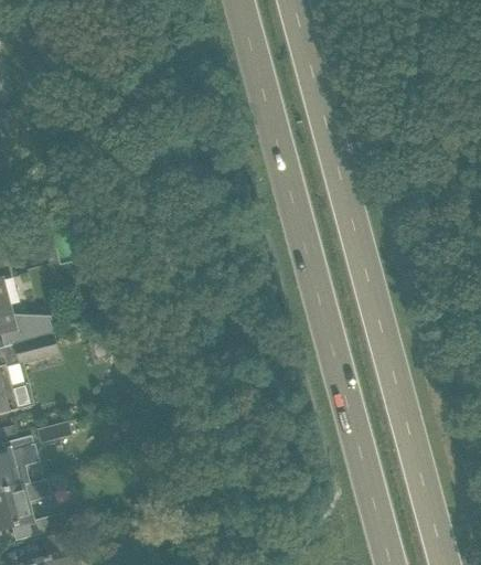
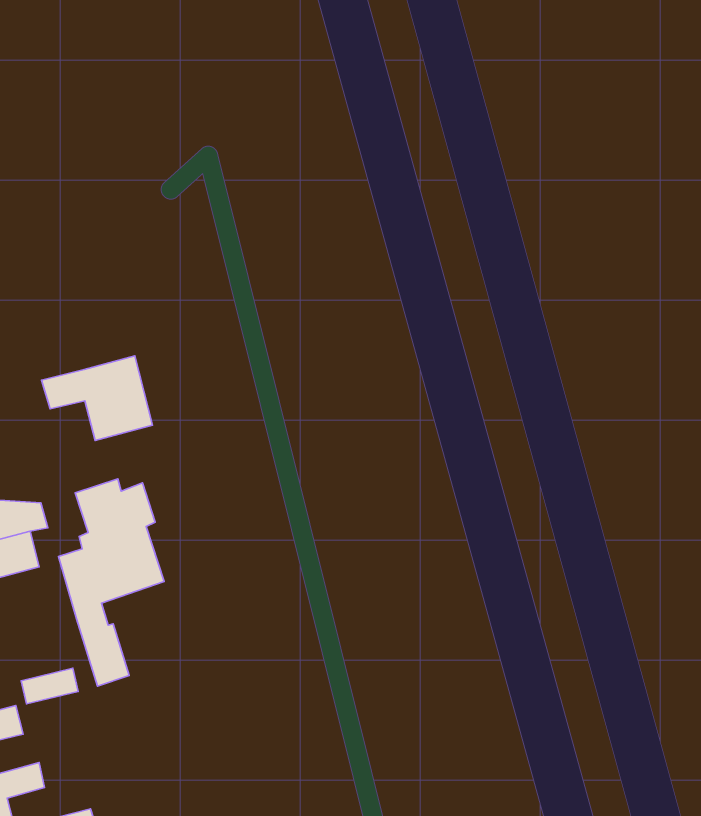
building: none -> [42,356,152,440]
building: none -> [59,479,164,686]

